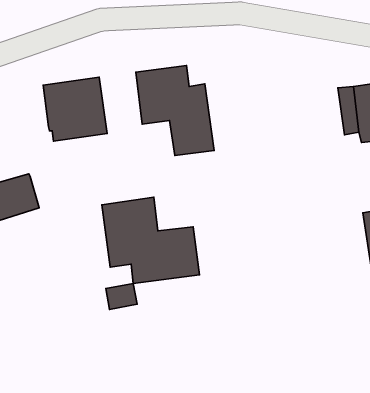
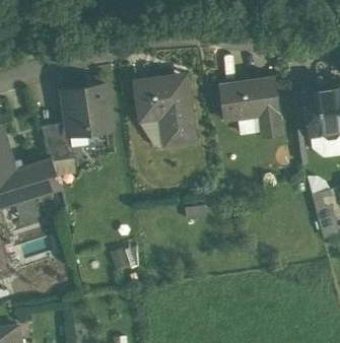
building: none -> [219,79,282,138]
building: none -> [42,124,74,162]
building: [102,197,200,283] -> none

